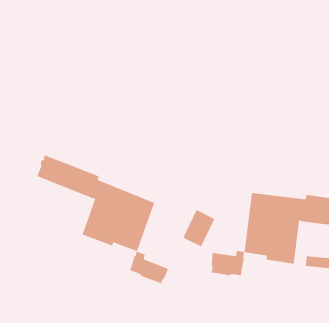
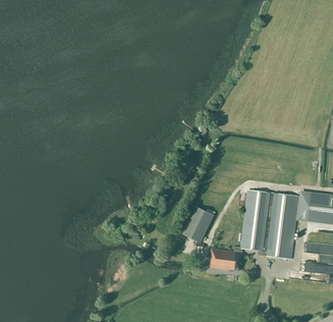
building: [37,155,169,284] -> none

